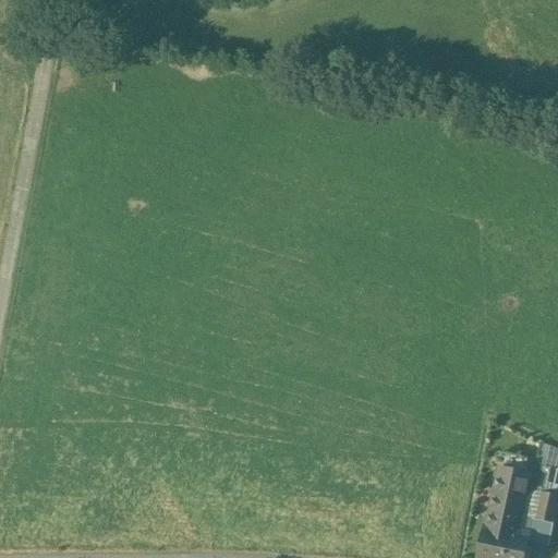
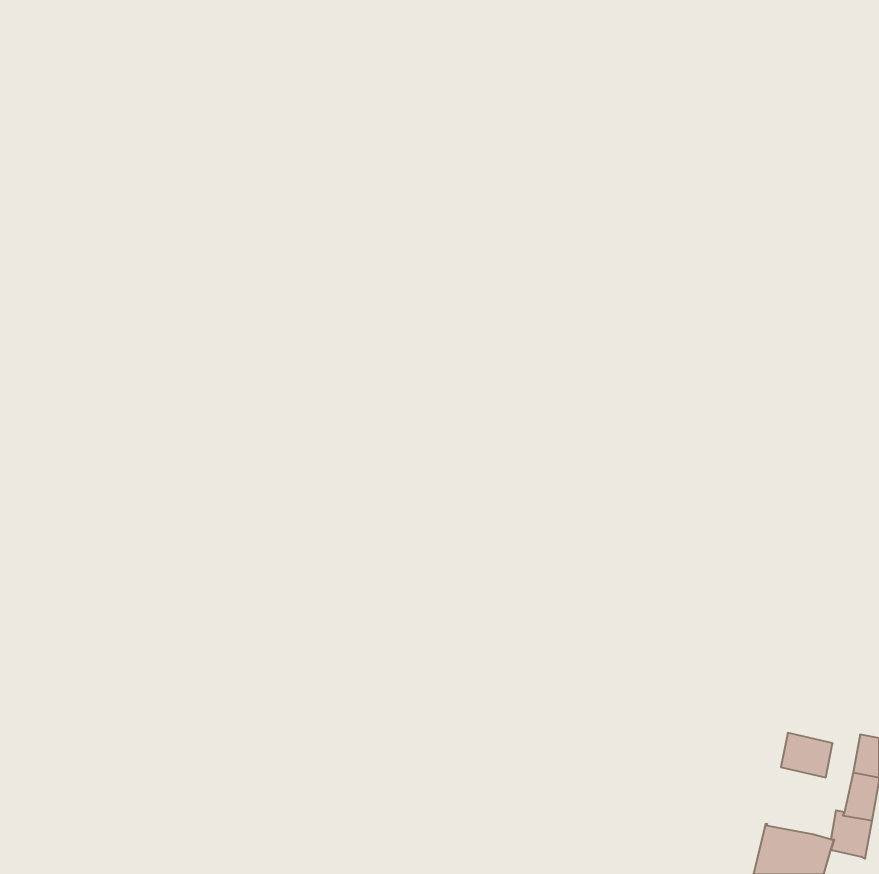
building: [486,486,523,529] -> none

